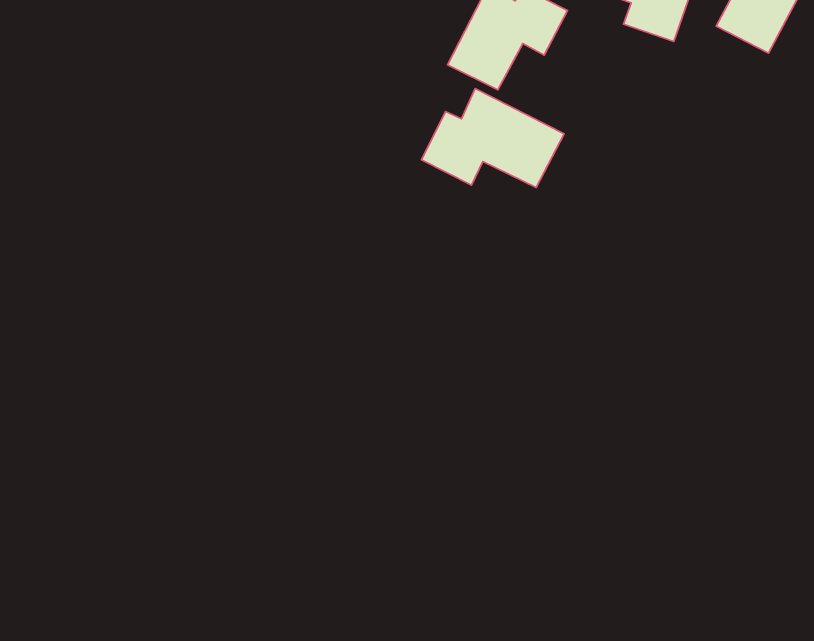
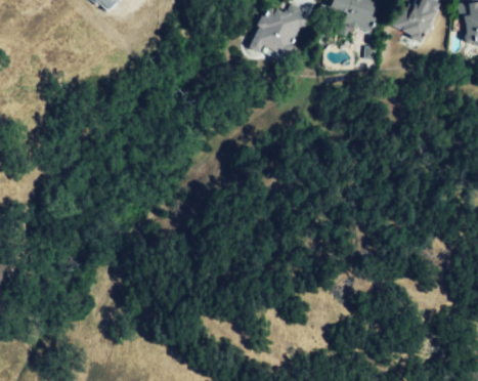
building: [421,88,564,187] -> none

